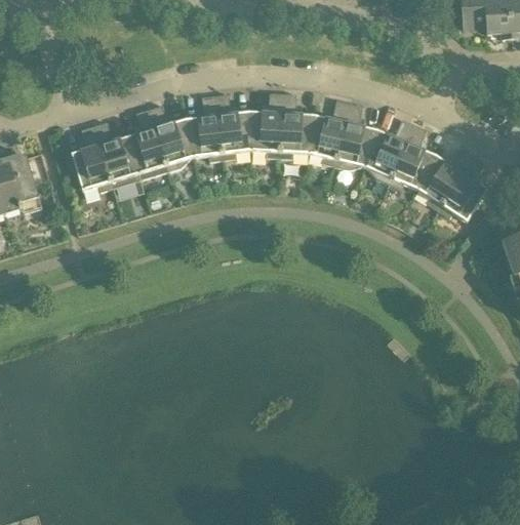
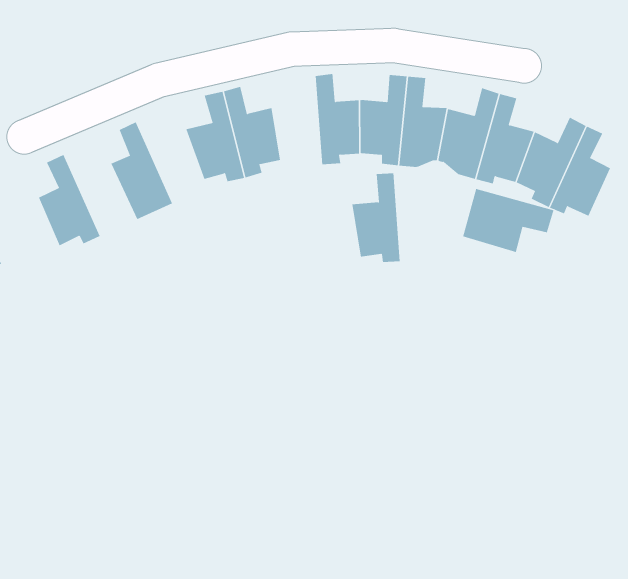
building: [249,90,283,156] -> [351,173,401,263]
building: [150,103,193,169] -> none
building: [94,119,141,186] -> none
building: none -> [462,188,554,253]

